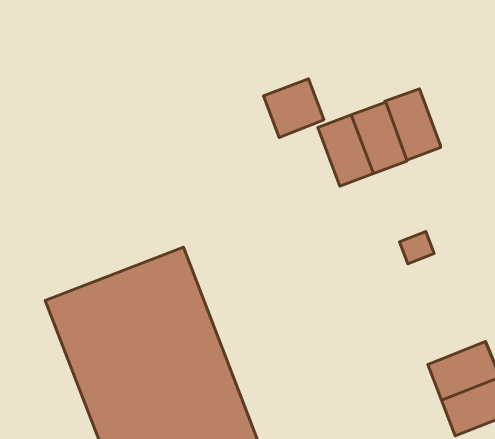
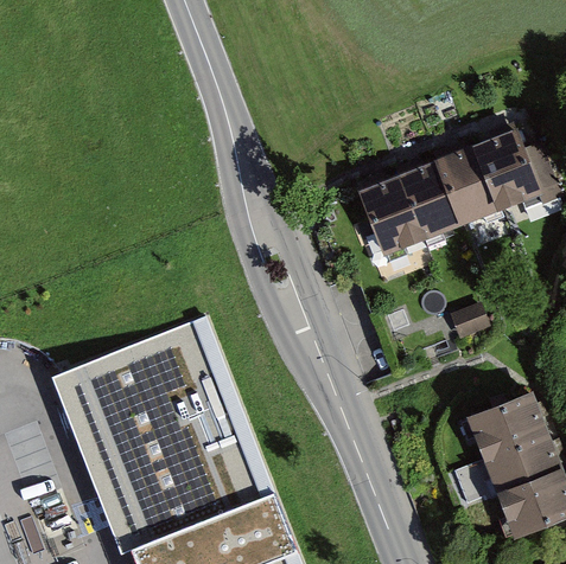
building: none -> [473,126,543,207]
building: [263,79,324,137] -> none
building: none -> [469,389,549,455]

